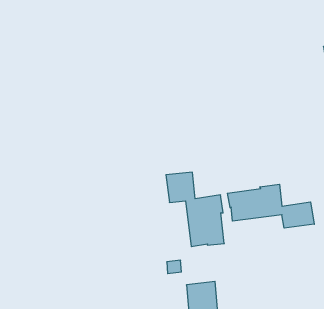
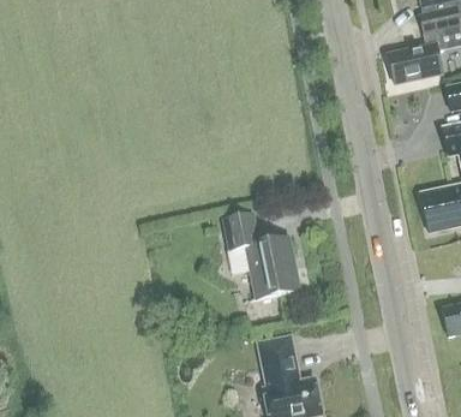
building: [227,184,314,228] -> none

